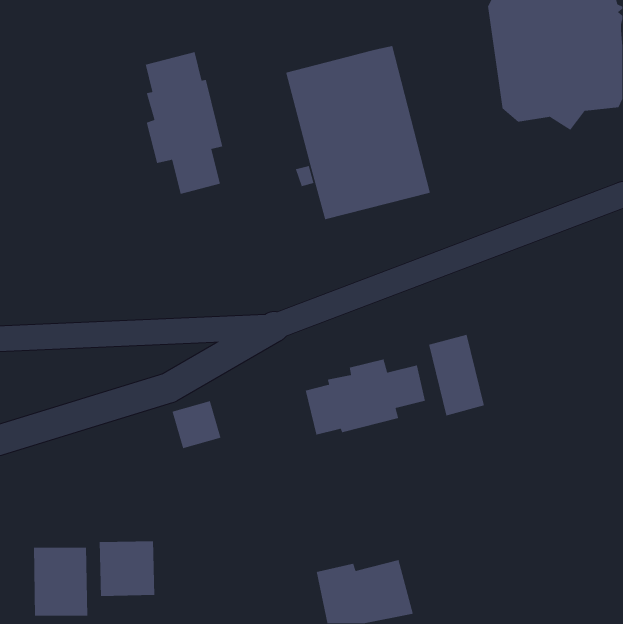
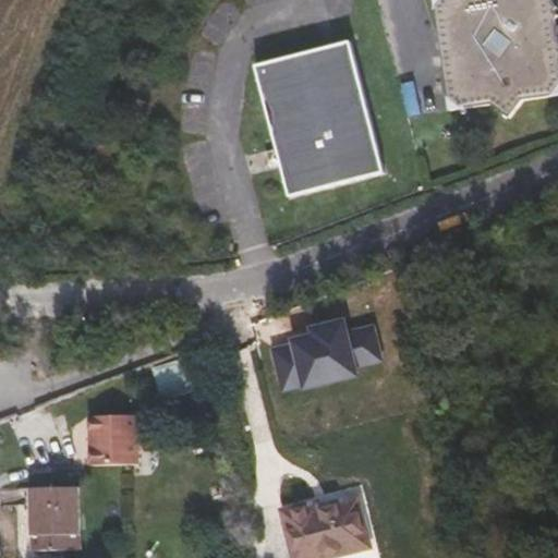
building: [145,51,223,195] -> none
building: [428,334,485,416] -> none
building: [99,540,155,597] -> [88,414,138,464]

